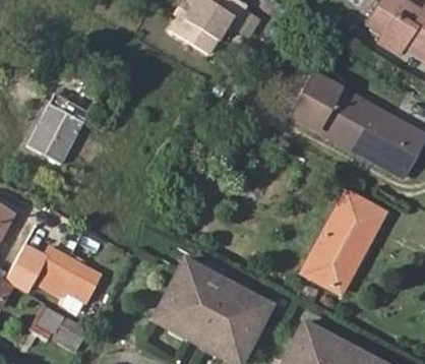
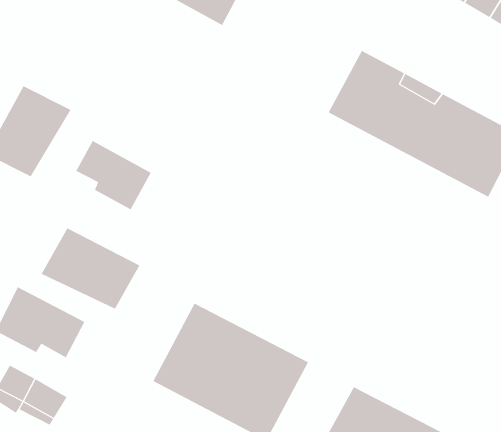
building: none -> [76,140,151,210]
building: [304,192,385,294] -> none
building: none -> [41,228,140,309]

